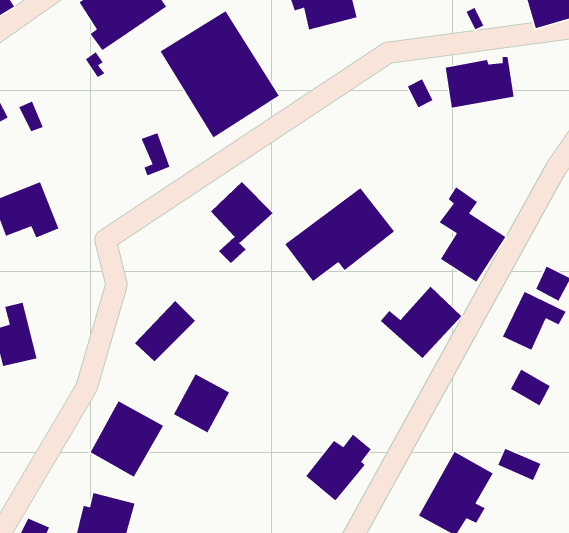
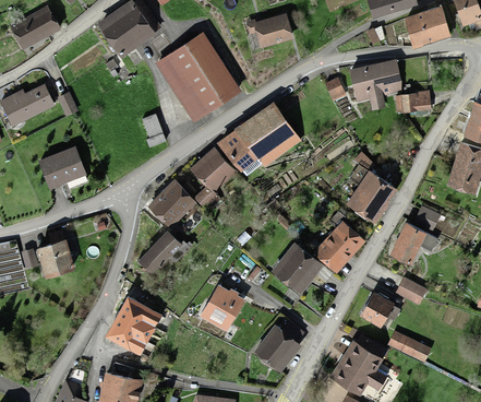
building: none -> [396,92,431,114]
building: [284,187,395,282] -> [220,105,297,170]
building: none -> [149,181,192,224]
building: none -> [275,245,322,291]
building: [173,373,230,433] -> [203,288,242,330]
building: none -> [361,294,393,326]

